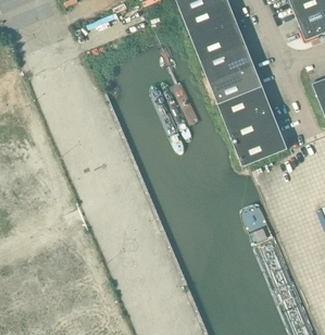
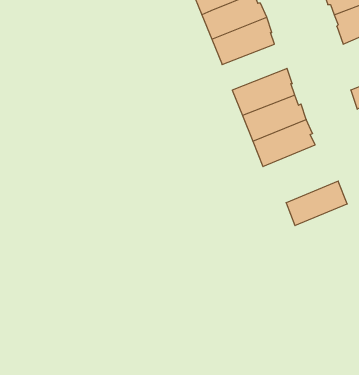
building: [200,42,255,82] -> none
building: [235,128,287,166] -> [286,181,347,226]

